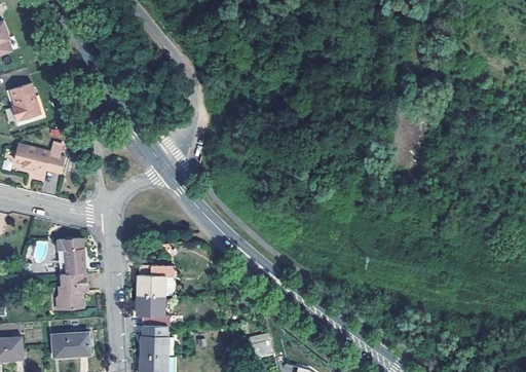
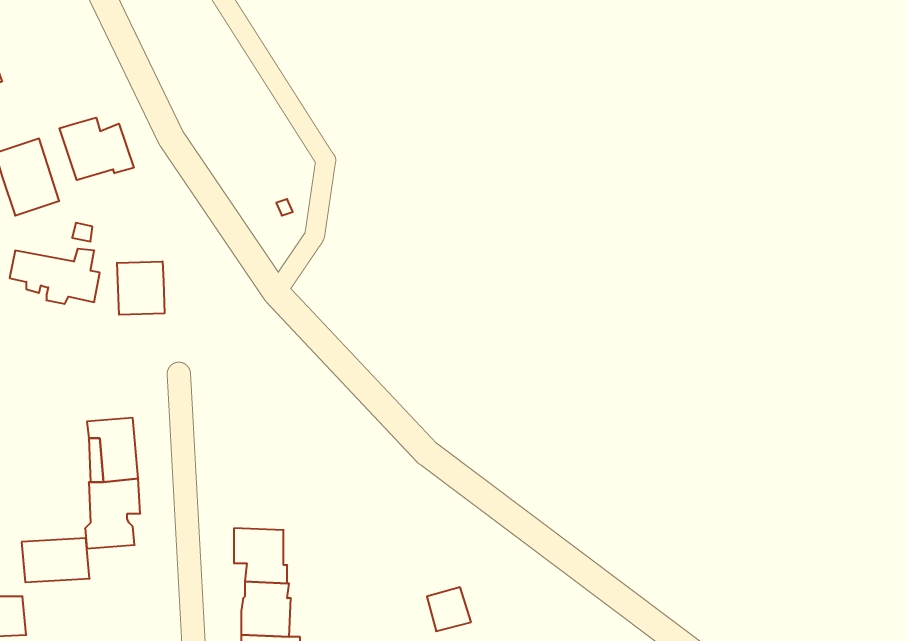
building: none -> [59,118,134,180]
building: none -> [117,261,164,315]
building: [139,269,172,301] -> none
building: [51,333,89,358] -> [22,538,90,582]

